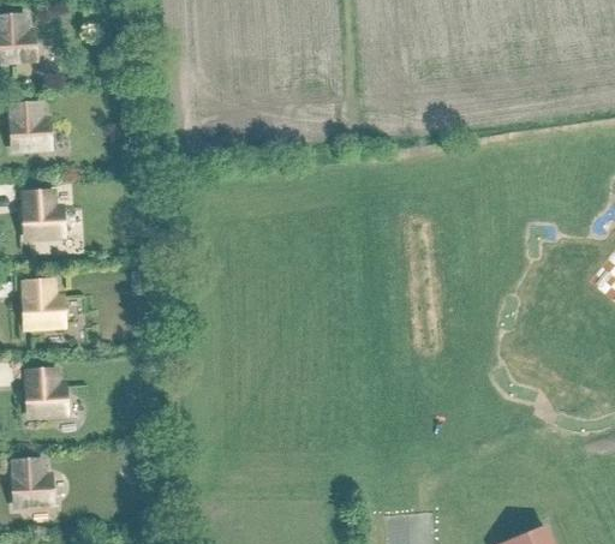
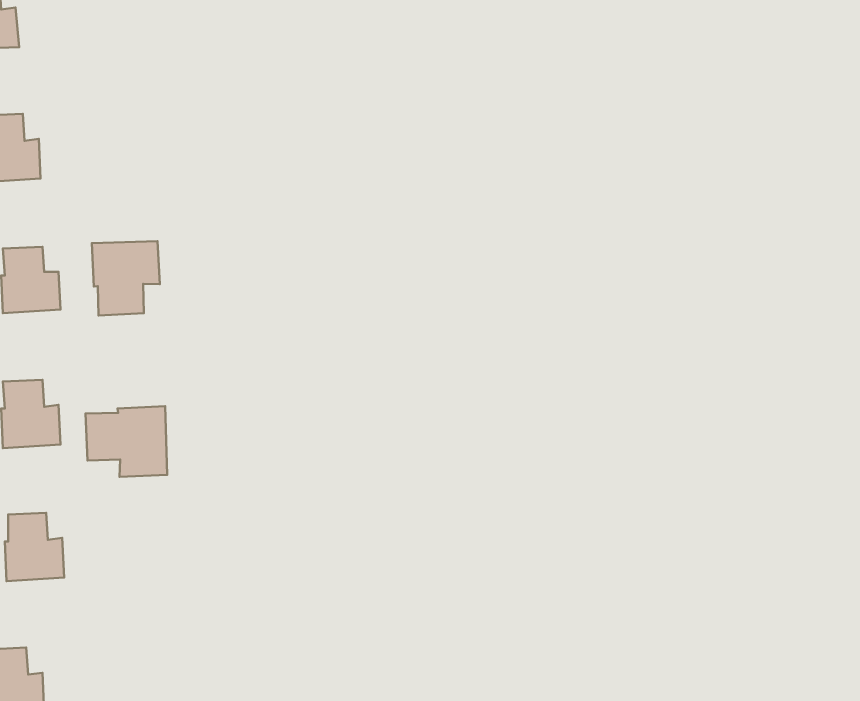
building: none -> [92,241,160,315]
building: none -> [85,406,167,477]

